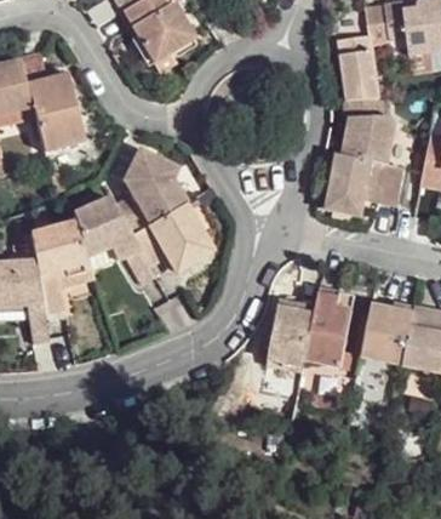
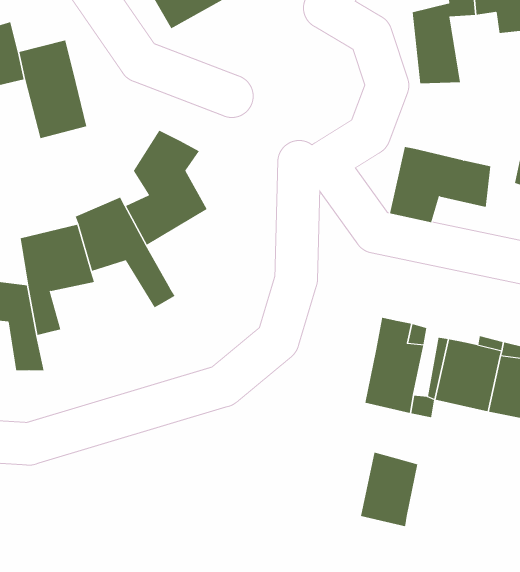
building: [343,104,391,166] -> none
building: [132,205,207,273] -> none
building: [268,308,314,367] -> [360,452,418,527]

